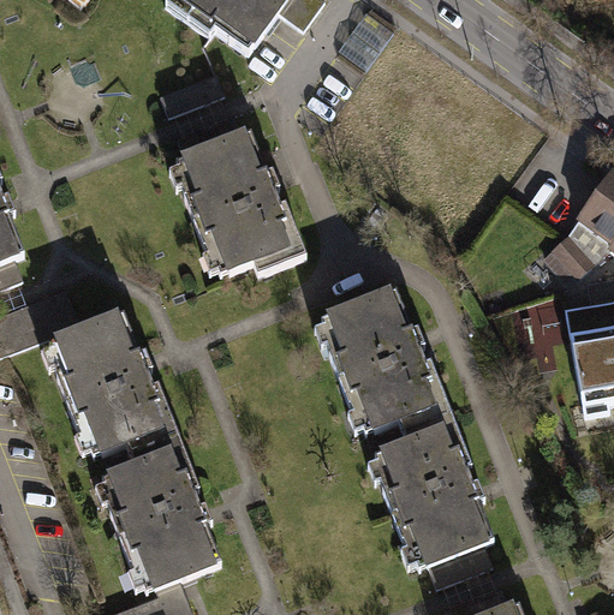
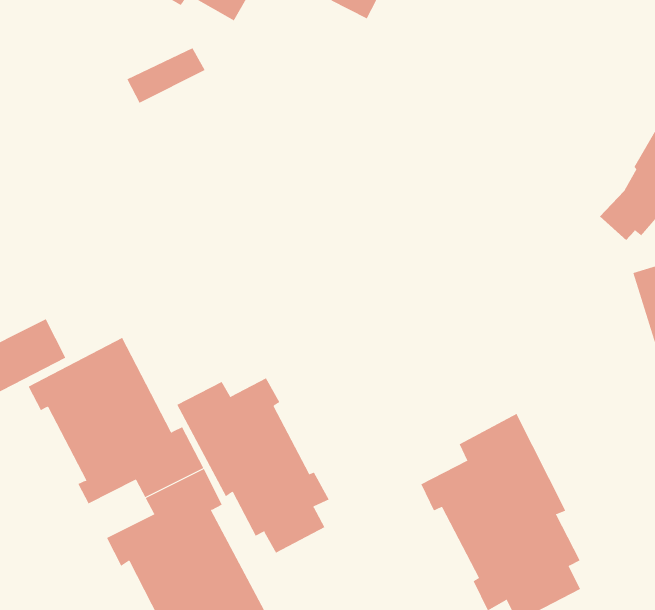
building: [166,121,306,277] -> none
building: [312,297,453,435] -> none
building: none -> [176,377,329,554]

